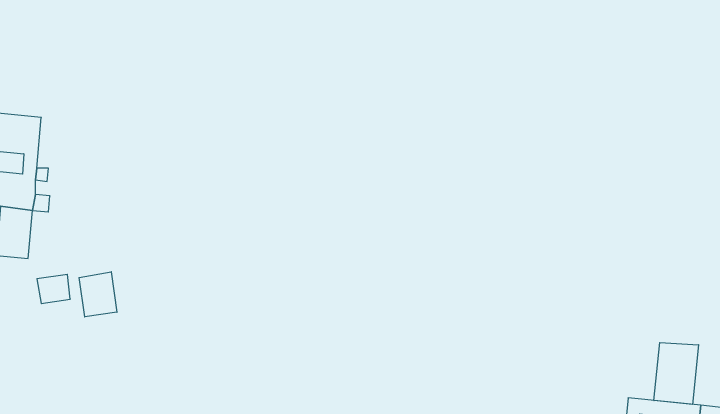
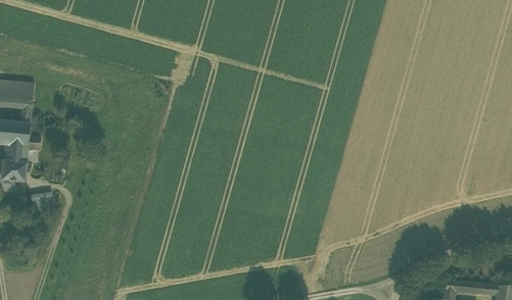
building: [79,272,117,317] -> none
building: [654,343,699,404] -> none

